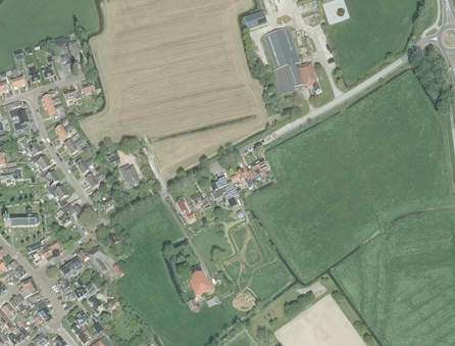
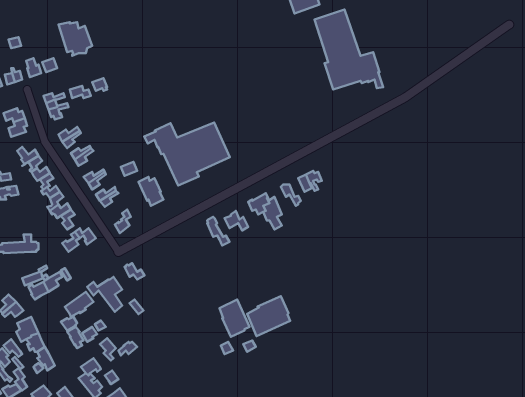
building: none -> [144,122,230,185]
building: none -> [247,296,290,336]

